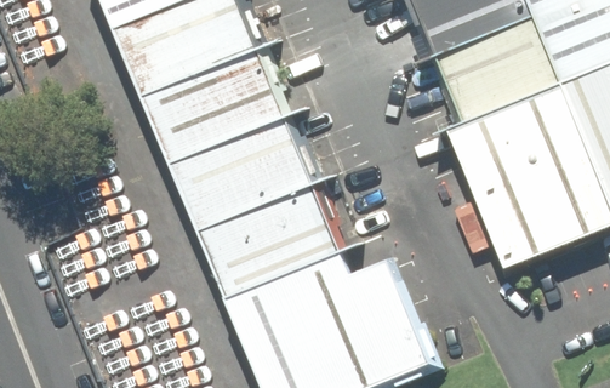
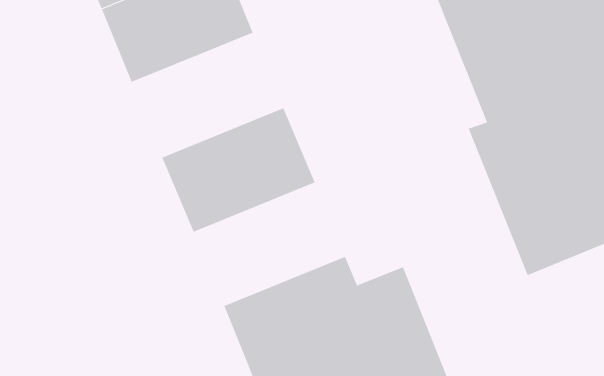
building: [141,44,281,159] -> none
building: [198,182,338,296] -> none

